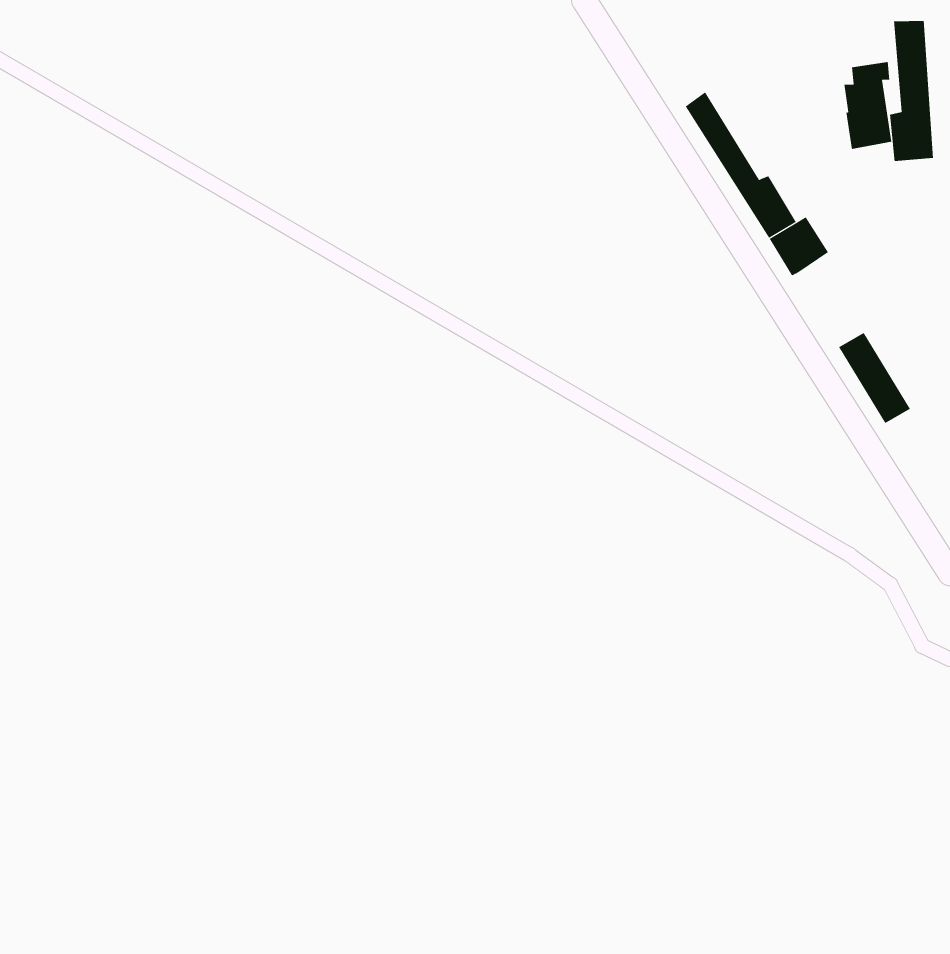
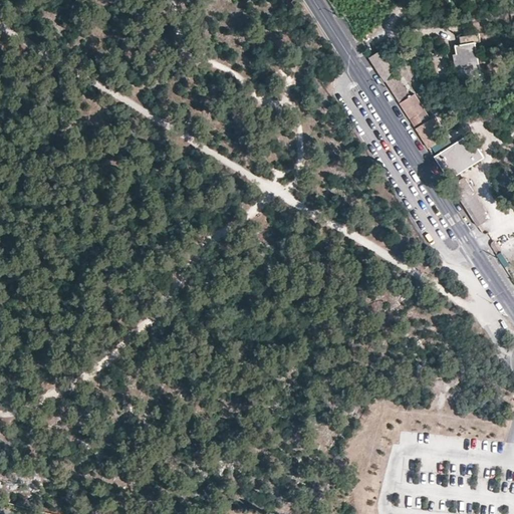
building: [889,20,933,162] -> none
building: none -> [433,135,482,180]

